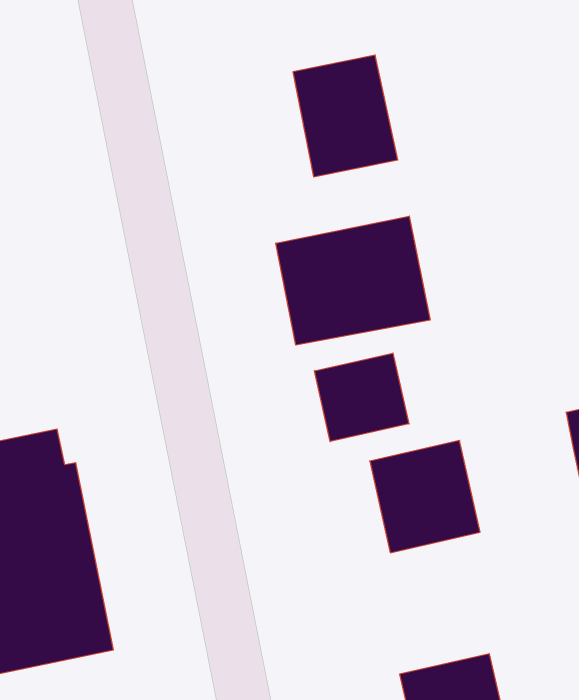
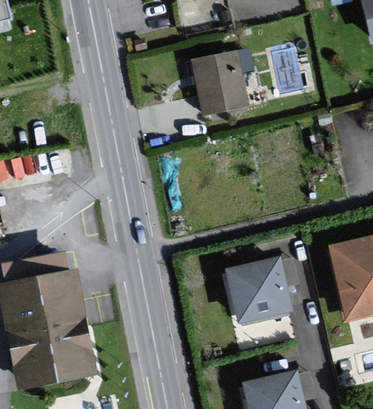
building: [276,216,430,345] -> none
building: [314,353,409,442] -> none

